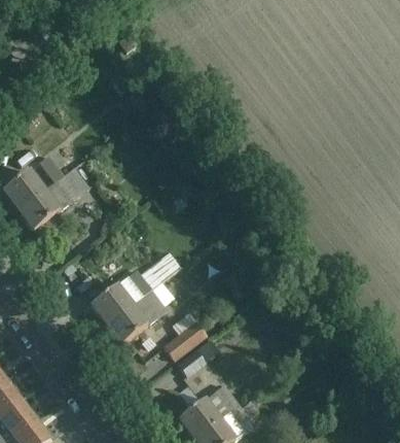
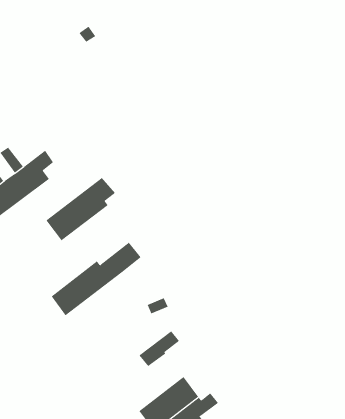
building: [104,279,174,343] -> [46,177,116,241]
building: [166,320,205,359] -> none

